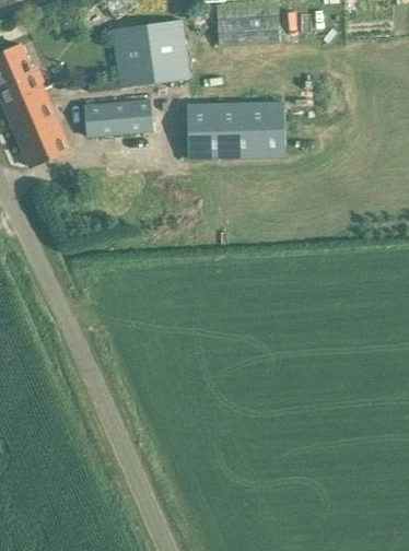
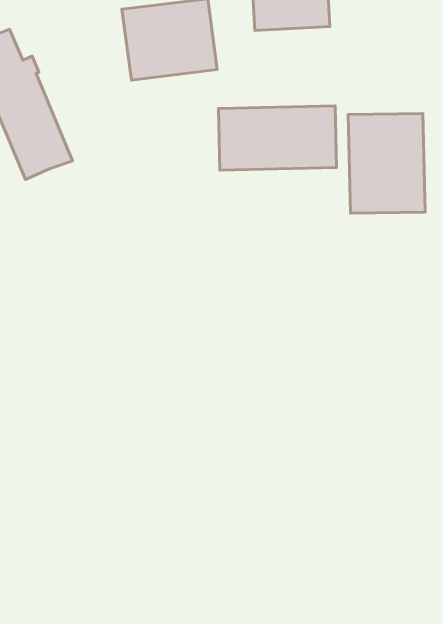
building: [84,98,153,137] -> none
building: none -> [348,113,425,213]

